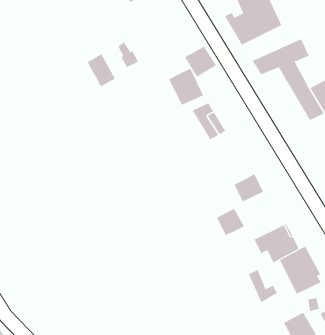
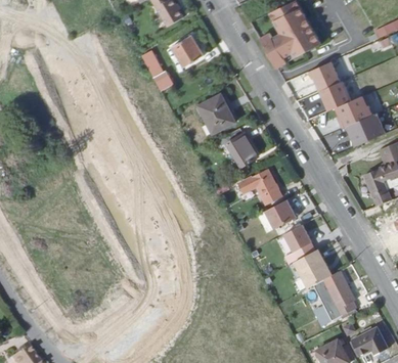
building: [184,46,217,77] -> [172,37,205,69]
building: [87,53,115,87] -> none
building: none -> [242,168,281,202]
building: [216,208,245,236] -> [286,223,315,251]
building: [248,269,278,303] -> none

